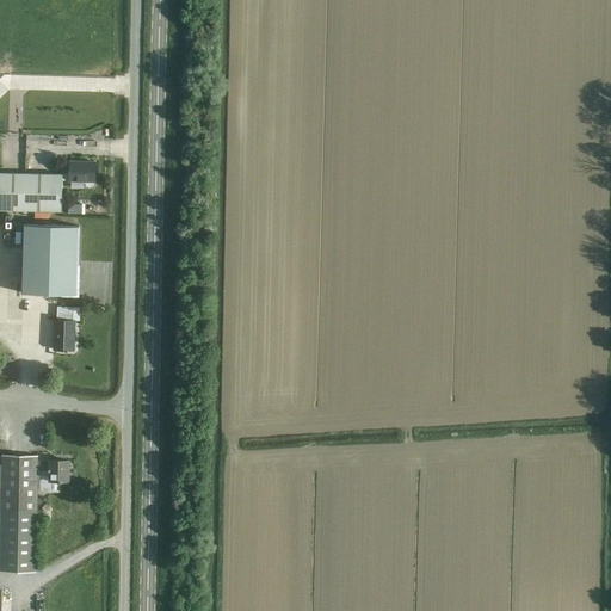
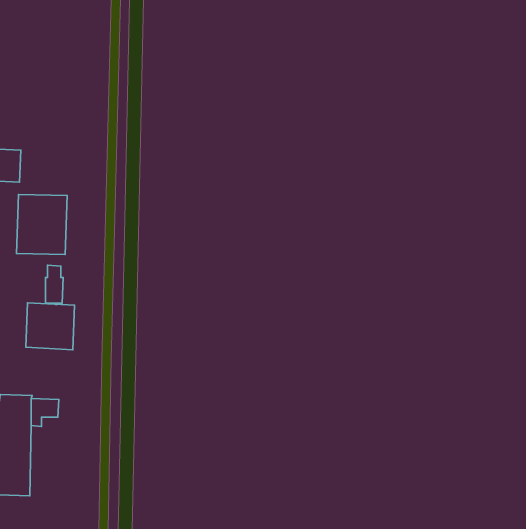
building: [23,161,93,211] -> none
building: none -> [26,303,75,350]

